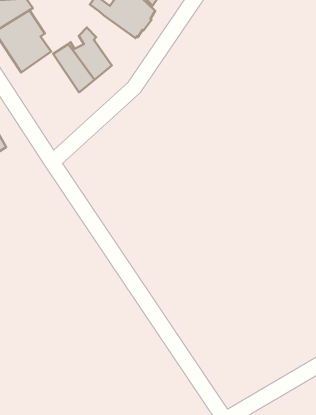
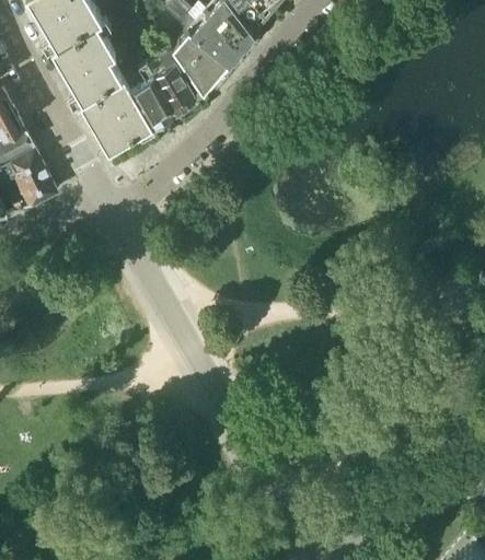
building: none -> [169,33,229,98]
building: none -> [78,79,153,159]

